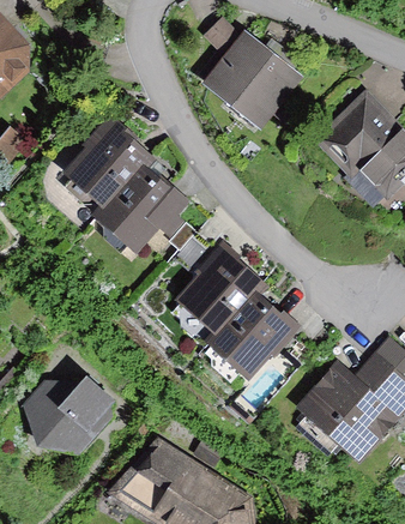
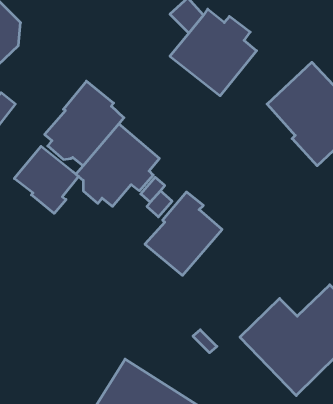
building: none -> [14,146,79,213]
building: [207,290,301,380] -> none
building: [23,378,115,456] -> none

